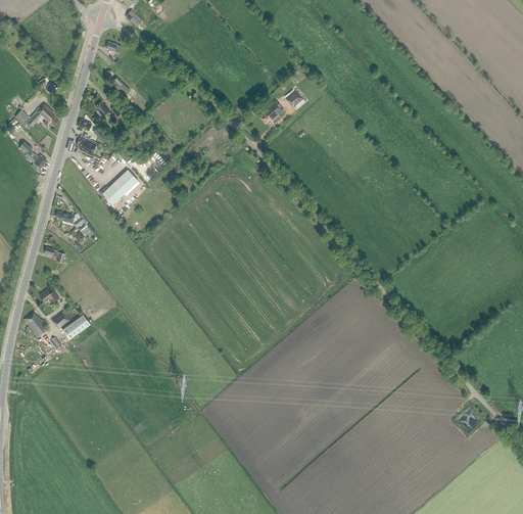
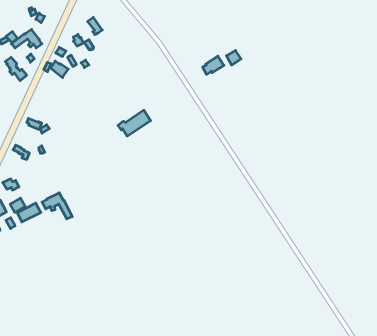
building: [99,169,138,203] -> [118,110,151,136]
building: none -> [42,193,72,219]

